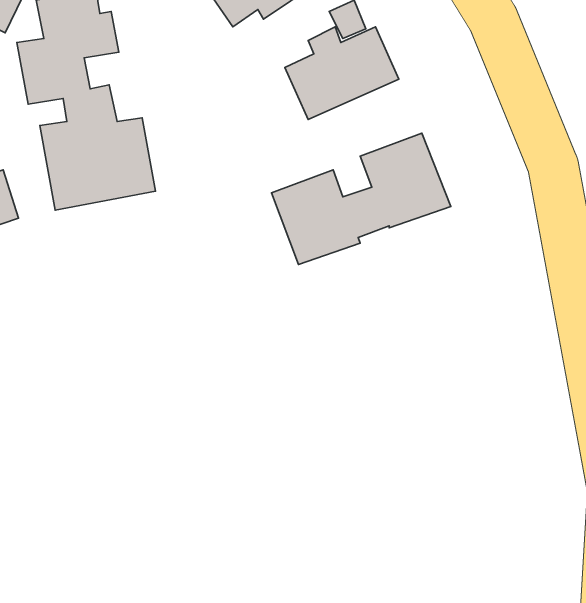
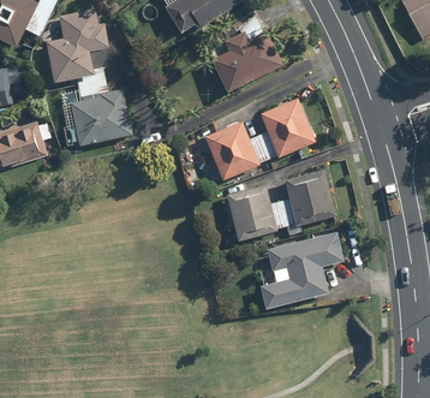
building: none -> [227,171,335,242]
building: none -> [259,233,344,309]

